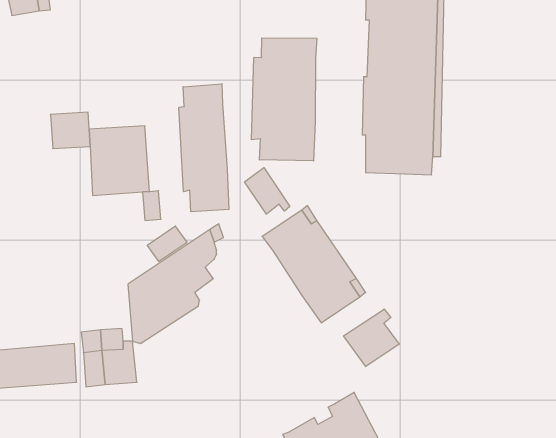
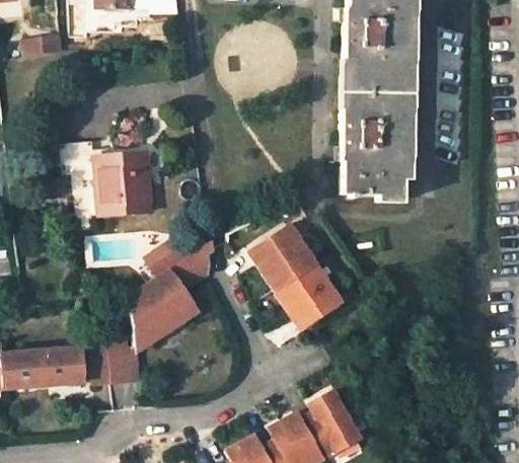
building: [252,38,317,161] -> none
building: [179,84,229,212] -> none
building: [245,168,290,214] -> none
building: [344,309,399,367] -> none

